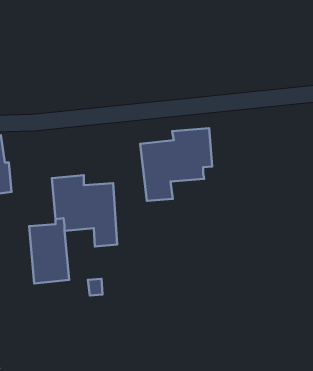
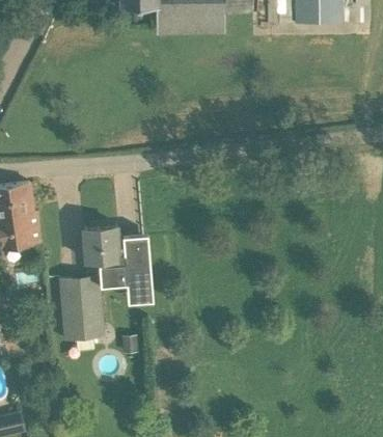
building: [140,128,212,201] -> none

